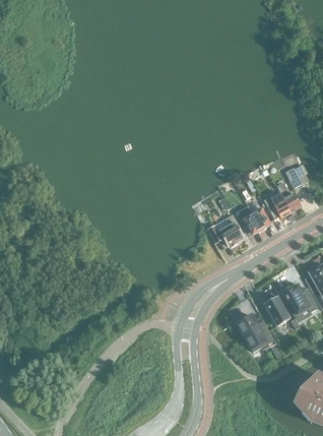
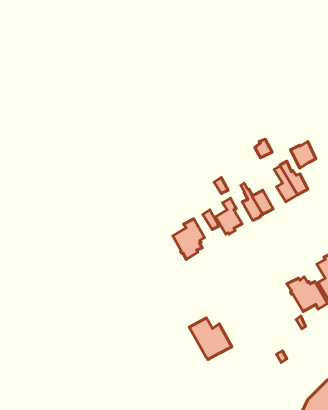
building: none -> [173,219,204,259]
building: [264,295,289,325] -> none
building: [237,314,274,351] -> [189,318,232,360]

